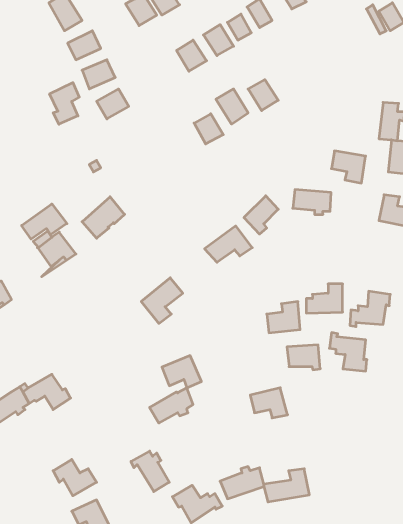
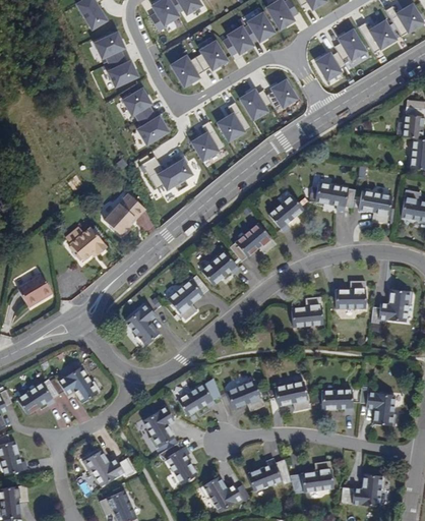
building: none -> [372,18,399,48]
building: none -> [341,30,367,60]
building: none -> [313,45,343,79]
building: none -> [171,54,202,88]
building: [50,83,79,124] -> none
building: none -> [137,115,172,147]
building: none -> [192,131,222,162]
building: [331,151,366,183] -> [358,189,391,221]
building: none -> [158,158,195,190]
building: [22,204,67,239] -> none
building: none -> [200,248,238,282]
building: none -> [124,301,158,343]
building: [329,333,367,371] -> [359,388,396,425]
building: [287,345,320,370] -> [319,388,352,412]
building: [162,356,201,388] -> [224,381,262,412]
building: none -> [141,405,172,447]
building: none -> [336,472,382,504]

